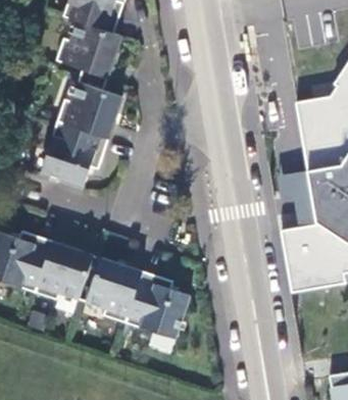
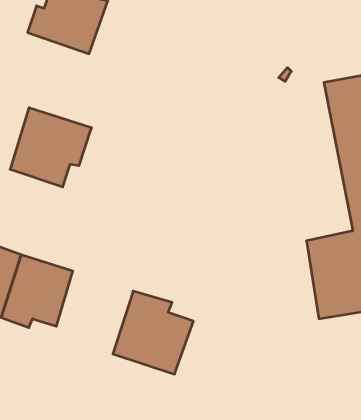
building: [56,82,120,138] -> none
building: [86,257,141,321] -> none

